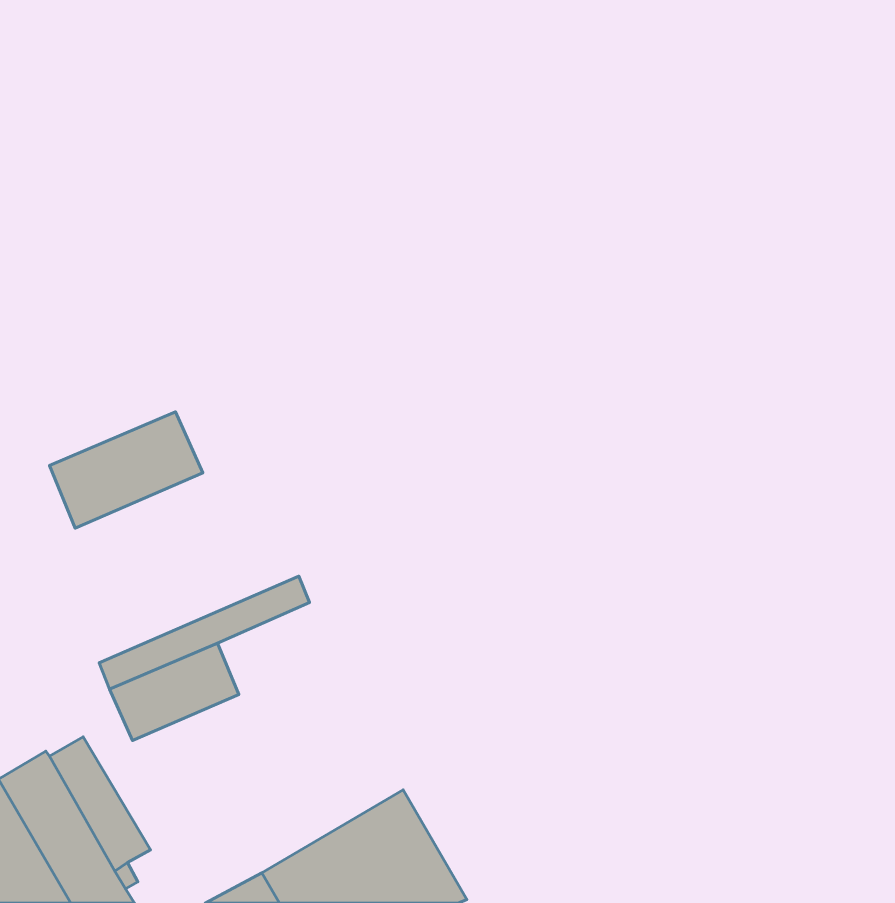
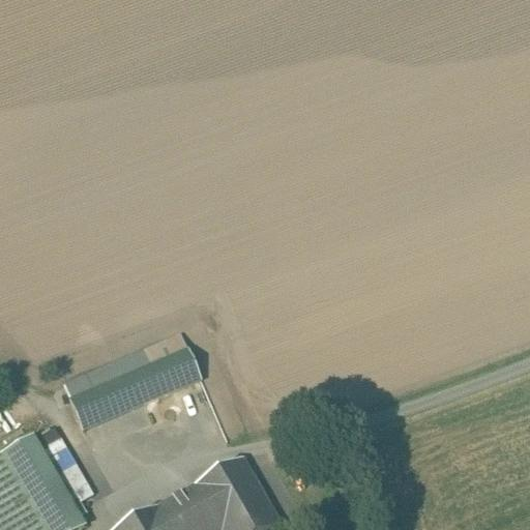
building: [49,412,203,528] -> none
building: none -> [127,353,195,407]

